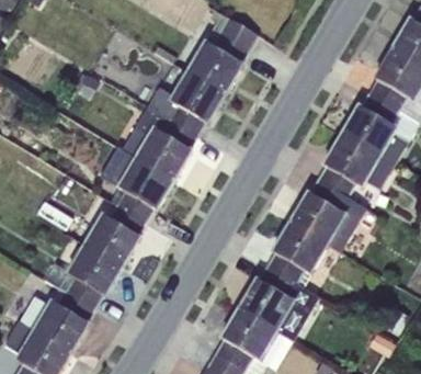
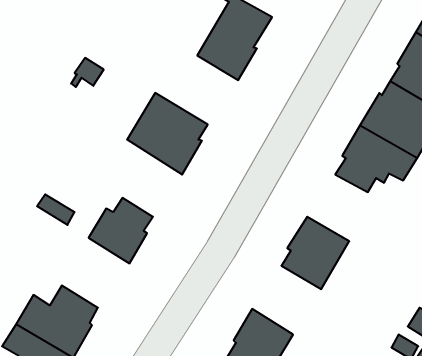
building: [147,71,225,136] -> none
building: [99,147,172,223] -> none
building: [289,183,364,252] -> none
building: [44,242,123,308] -> none
building: [238,269,318,342] -> none

